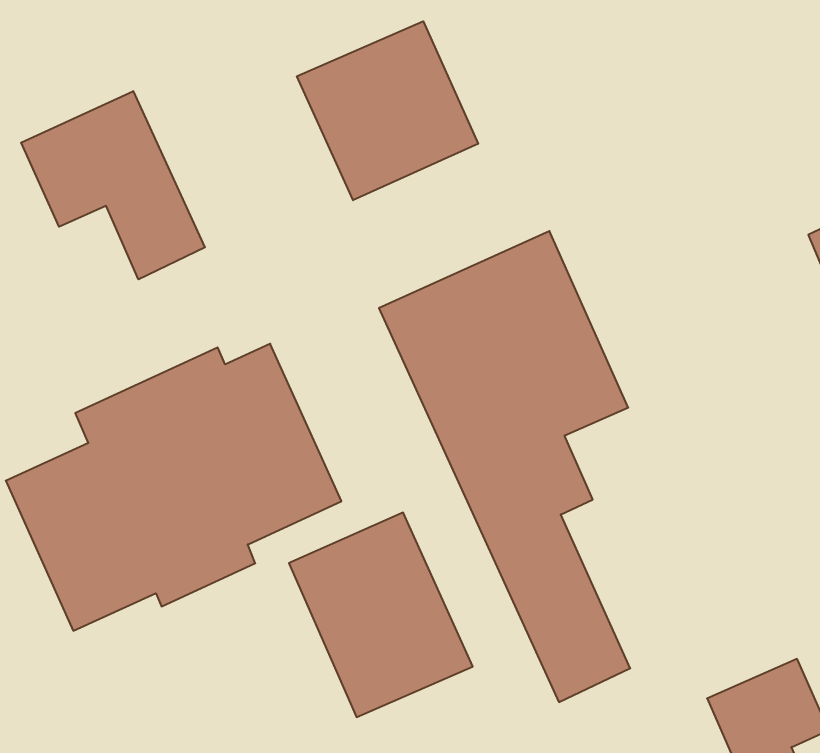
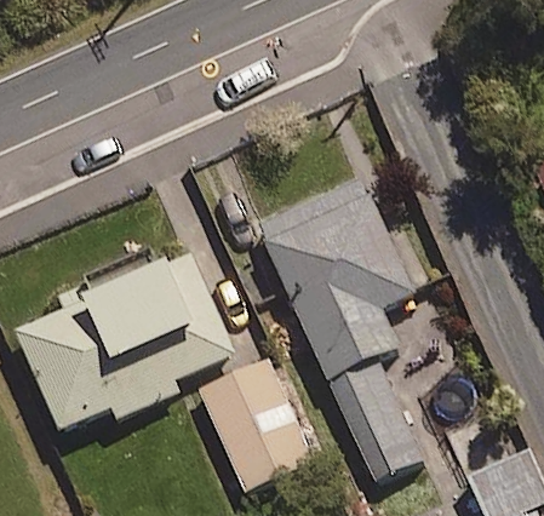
building: [297,21,478,200] -> none
building: [21,91,205,279] -> none

